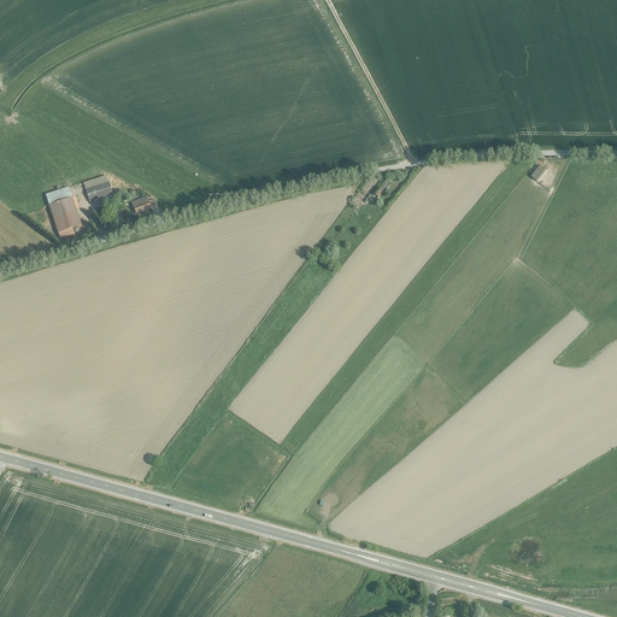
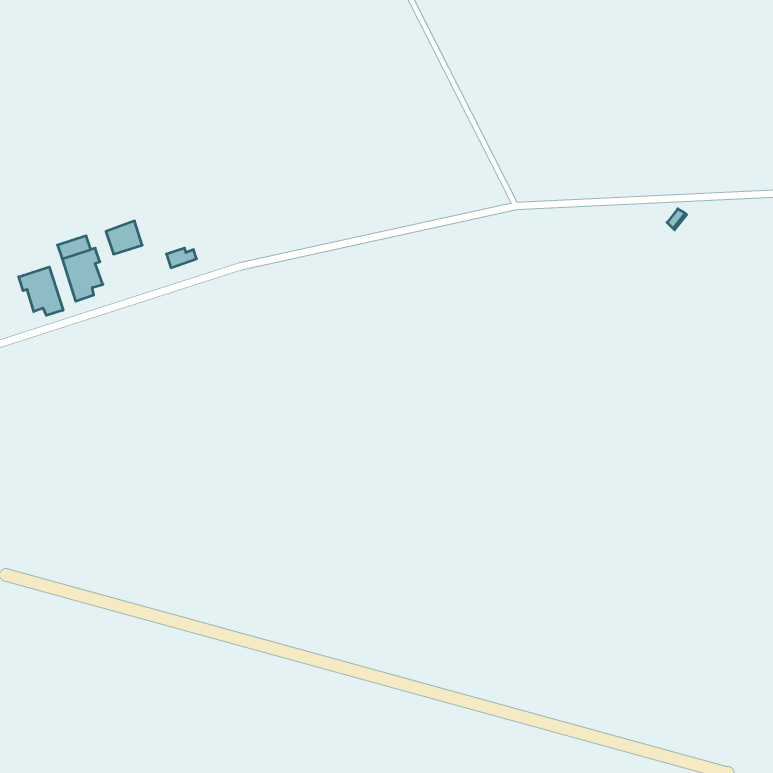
building: none -> [19,267,63,315]

